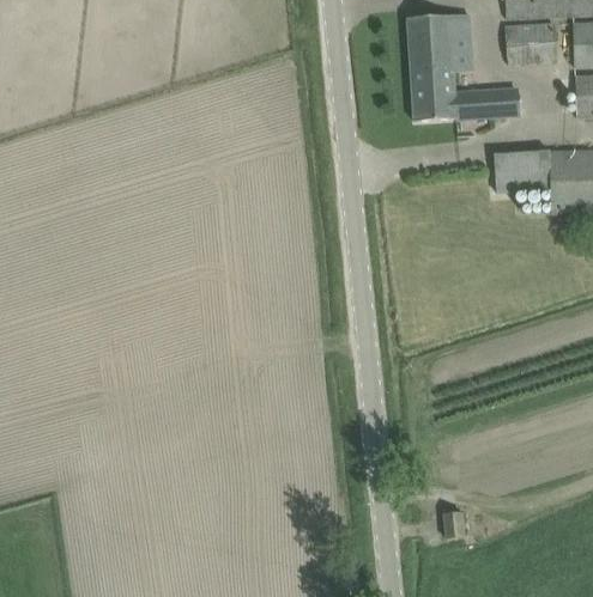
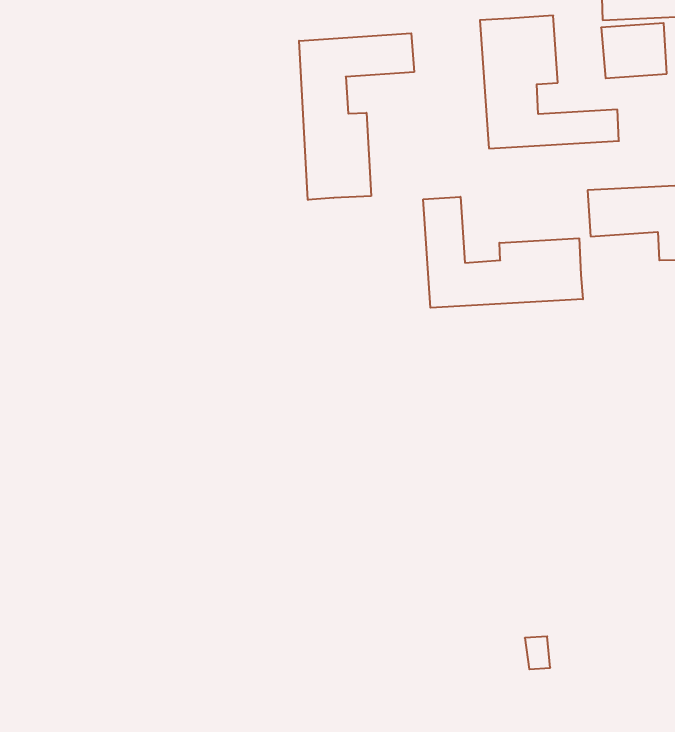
building: none -> [299,33,414,200]
building: none -> [423,197,583,308]

